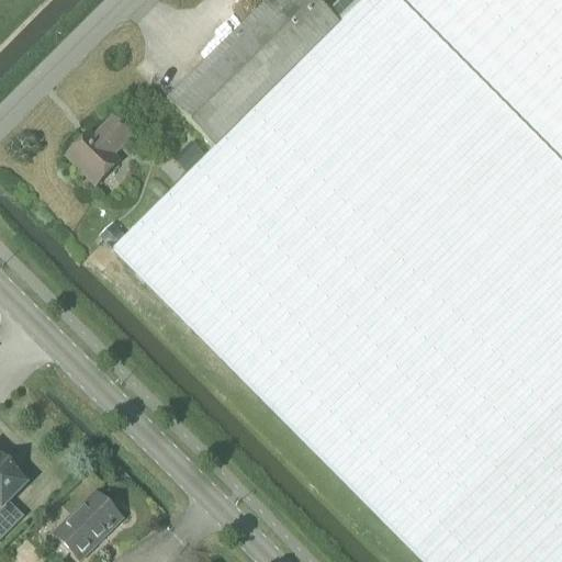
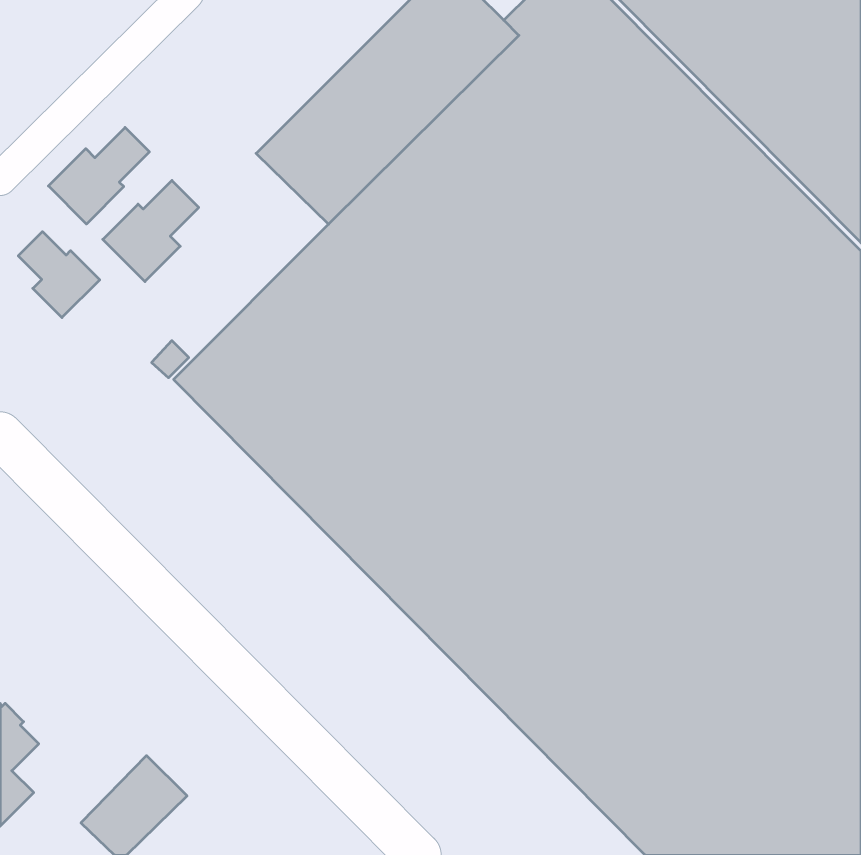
building: none -> [48,127,149,224]
building: none -> [18,232,100,318]

